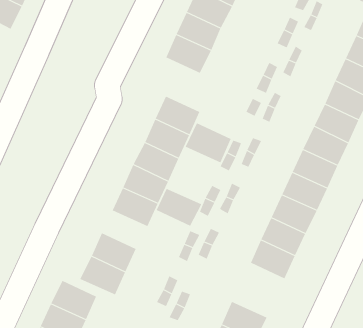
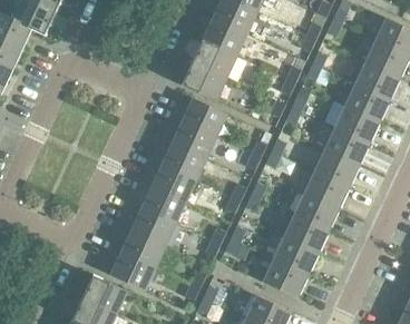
building: [185,122,231,163] -> [182,61,226,100]
building: [156,188,202,226] -> [131,208,176,245]
building: none -> [263,258,308,296]

